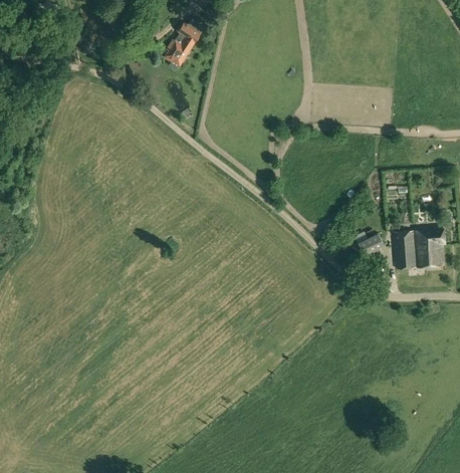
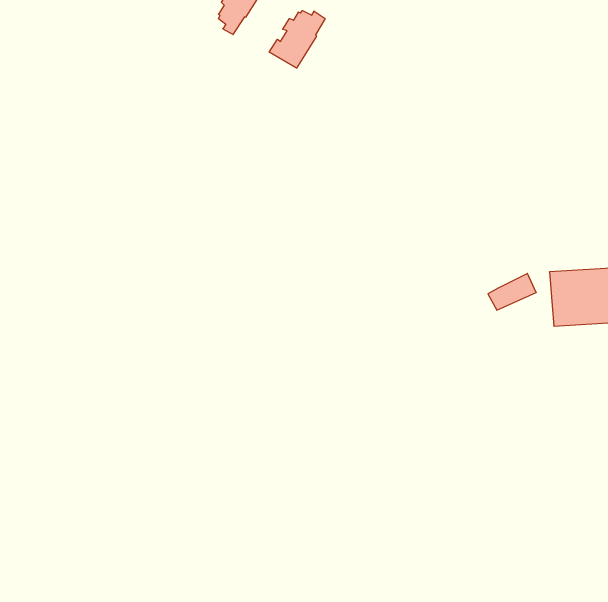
building: none -> [269,11,325,68]

